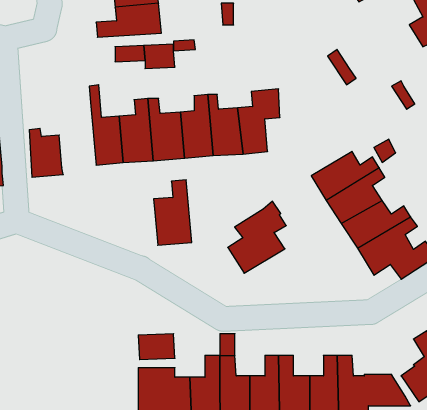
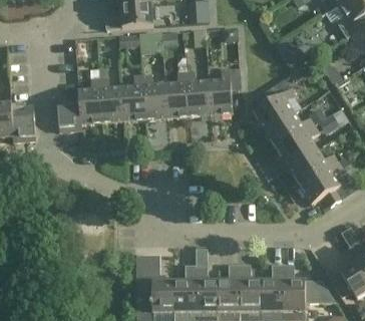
building: [154,180,192,245] -> [75,76,103,124]
building: [228,201,286,273] -> [250,77,293,130]

